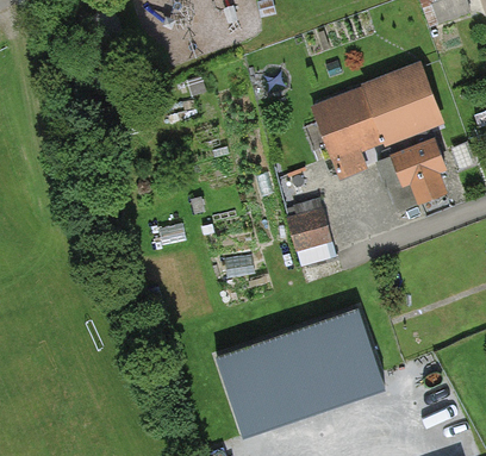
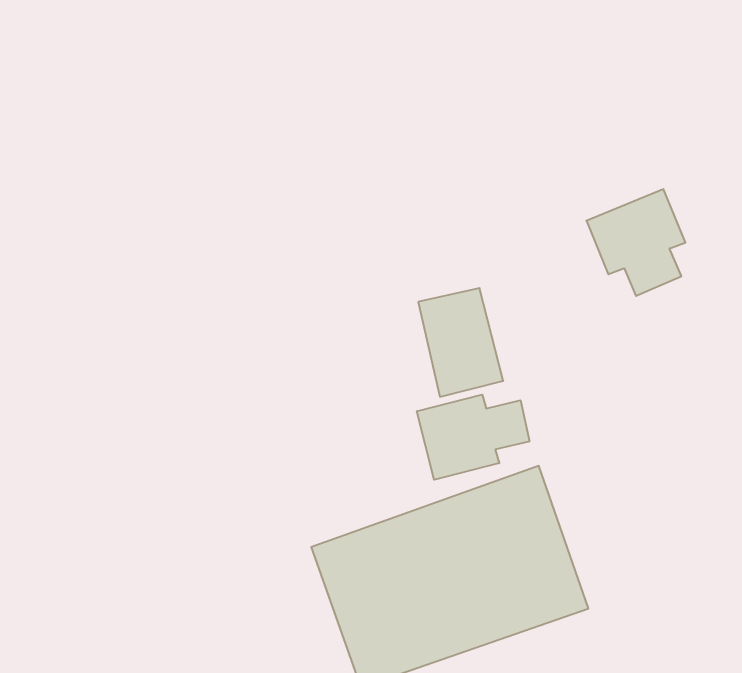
building: [312,69,440,164] -> none
building: none -> [417,395,529,480]

